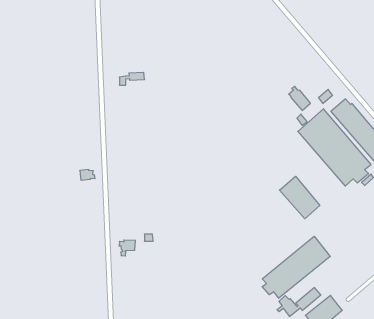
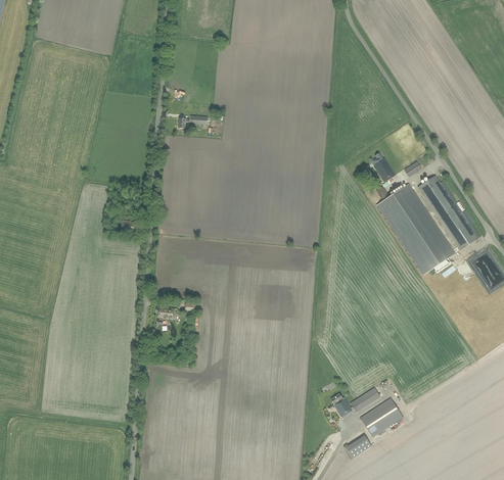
building: [279,176,320,219] -> none
building: [262,236,330,298] -> none

